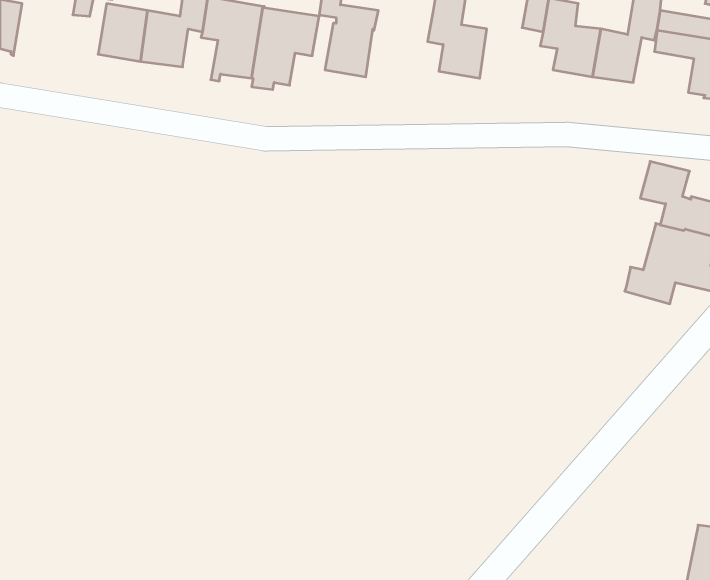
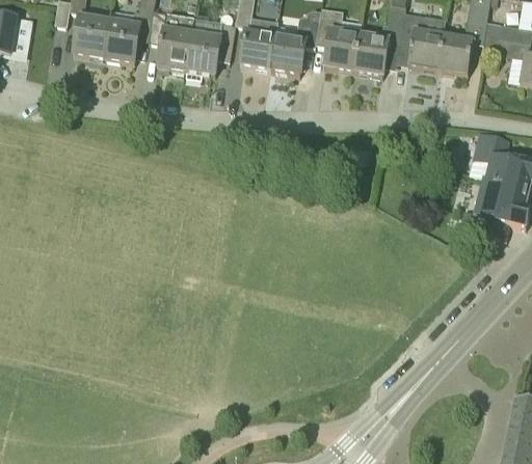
building: none -> [270,17,320,73]
building: none -> [354,33,389,74]

